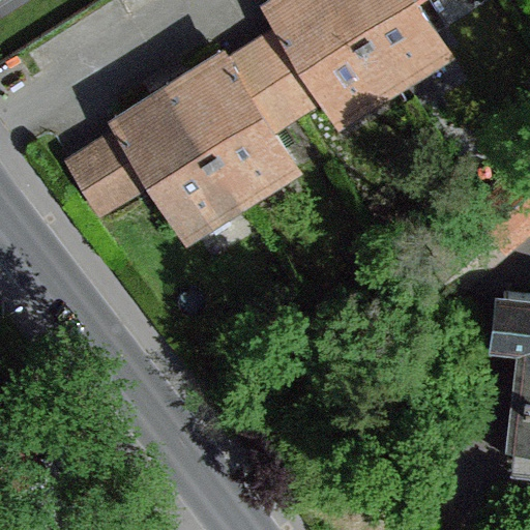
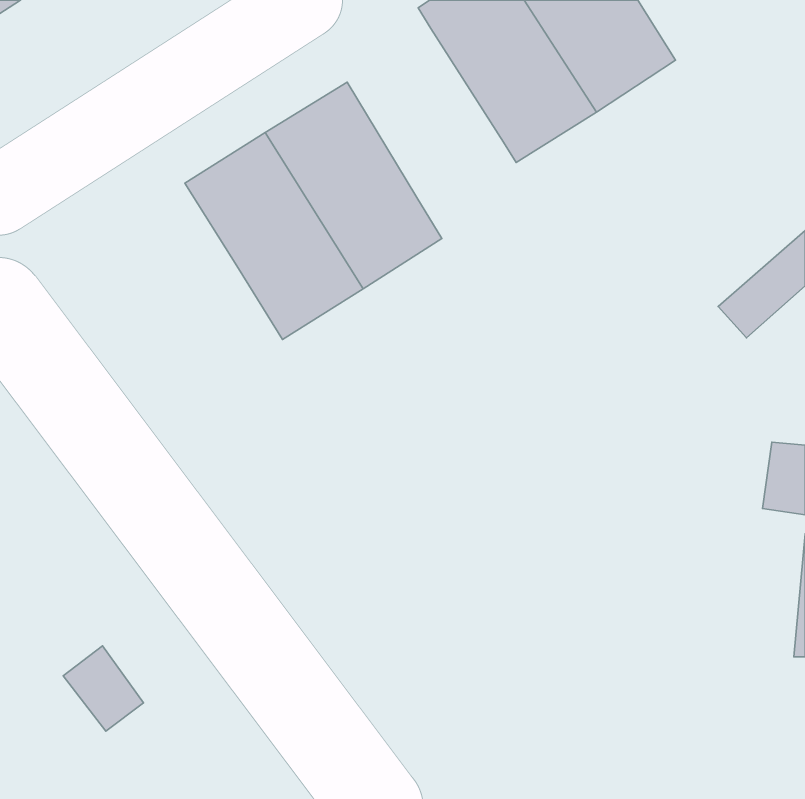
building: [228,24,330,135] -> none
building: [65,125,156,216] -> none

